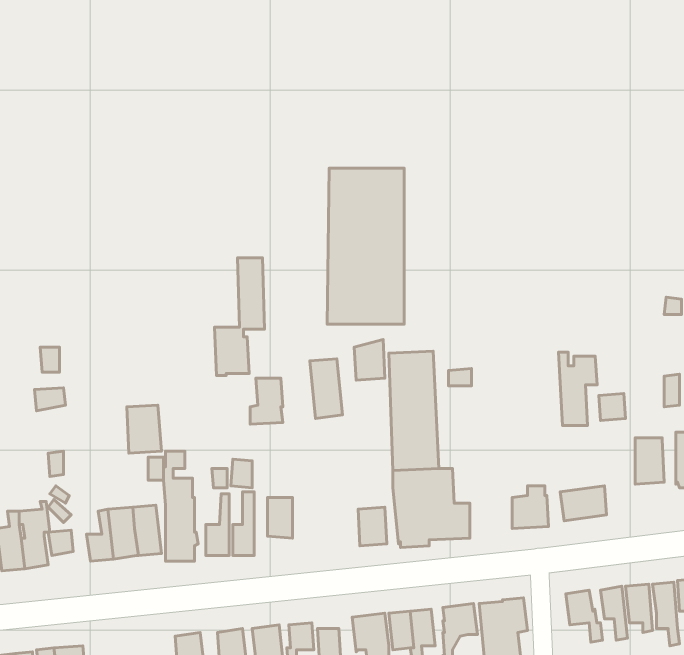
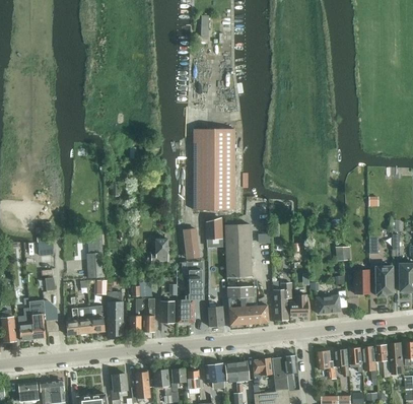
building: [214,258,265,375] -> [176,262,202,324]
building: [559,352,597,425] -> [272,281,292,320]

